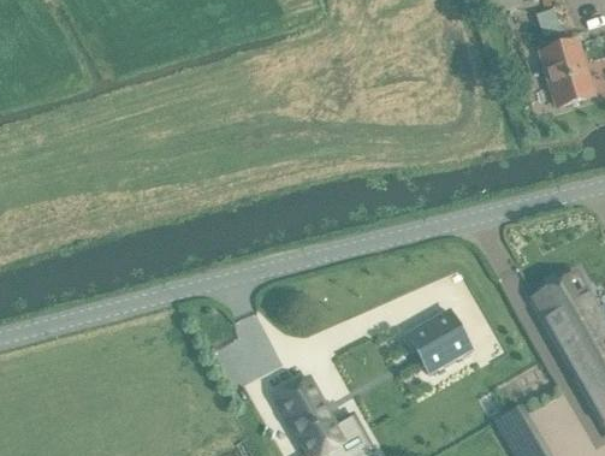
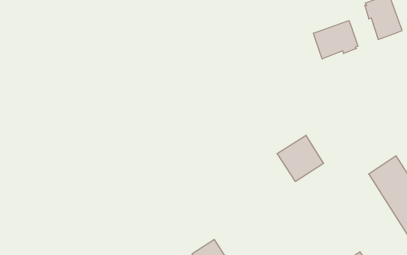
building: none -> [313,21,358,59]
building: [405,309,471,374] -> [277,135,324,181]

